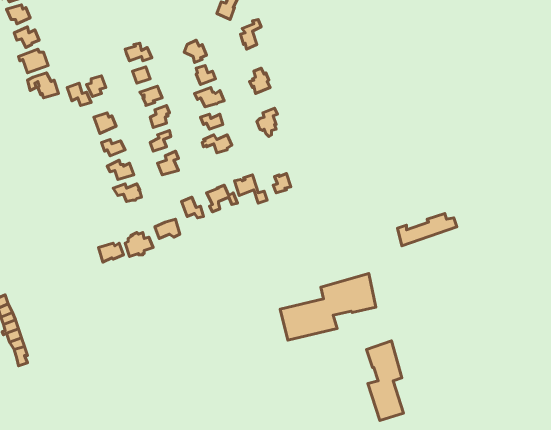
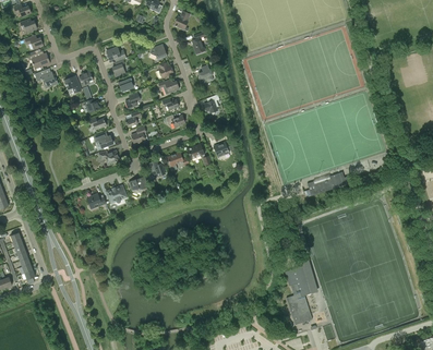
building: [280,274,376,340] -> none

